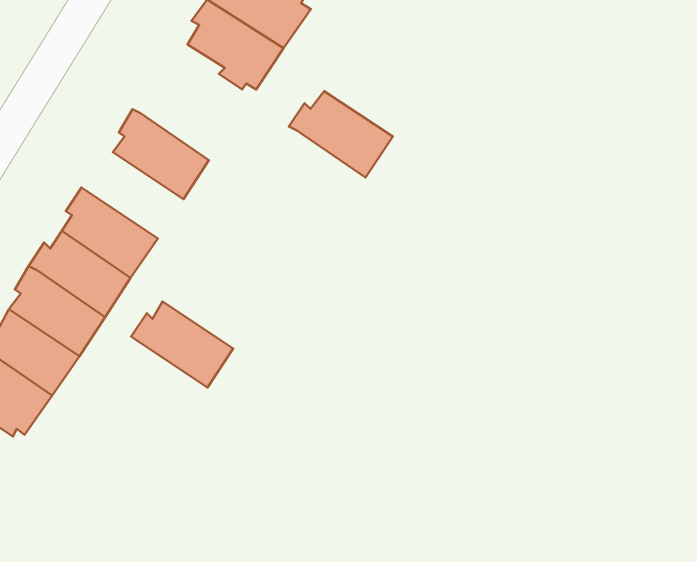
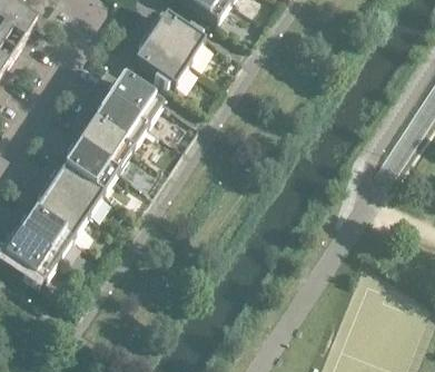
building: [289,91,393,178] -> [101,78,160,127]
building: [131,301,233,388] -> [72,123,130,172]

